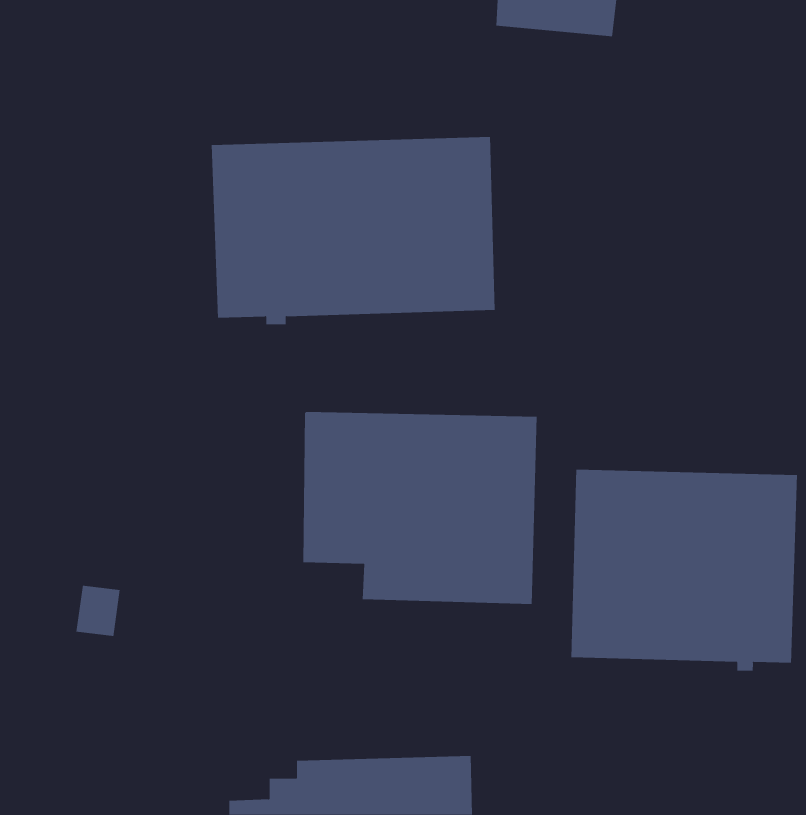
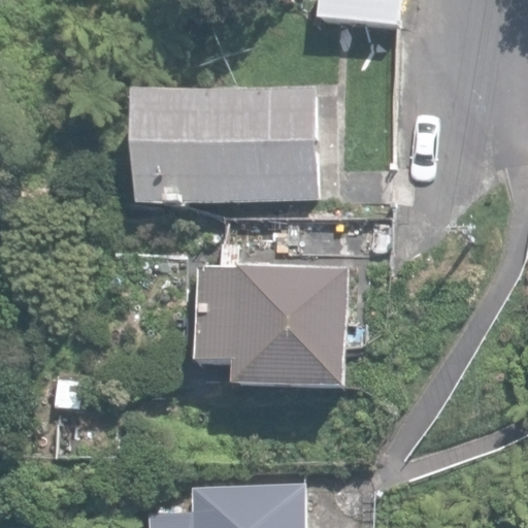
building: [571,469,798,671] -> none

